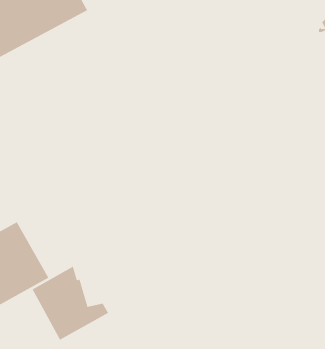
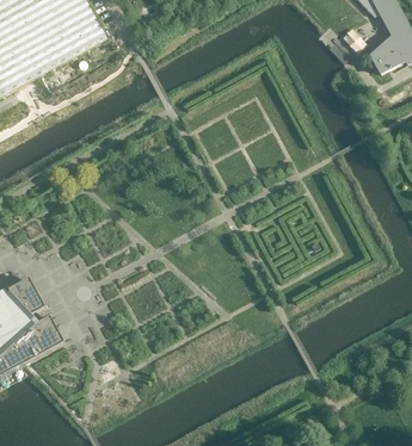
building: [32,266,109,340] -> none

